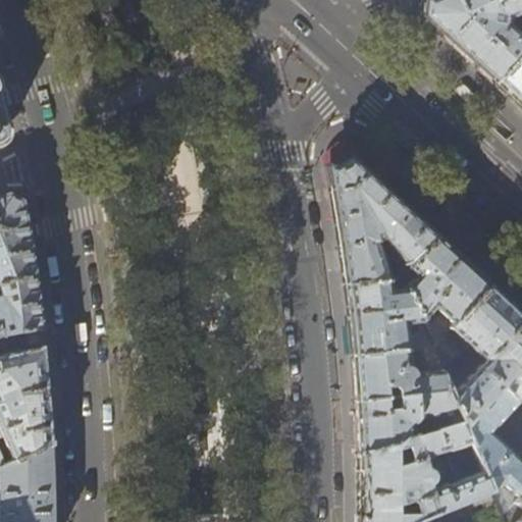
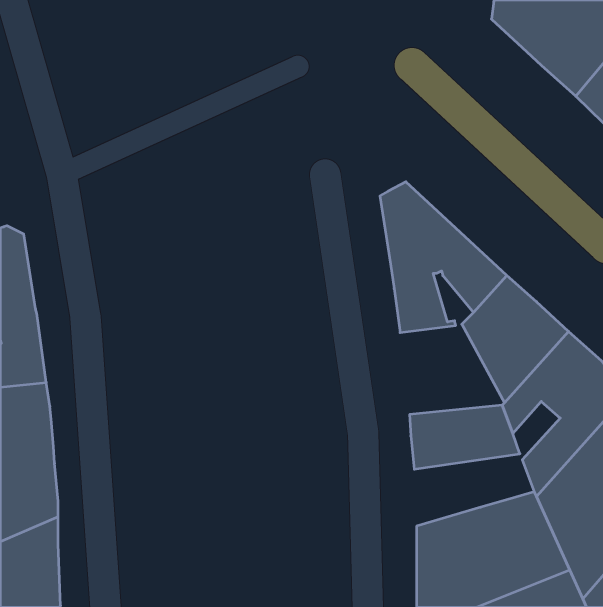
building: [347,278,436,356] -> none
building: [359,389,462,452] -> none

